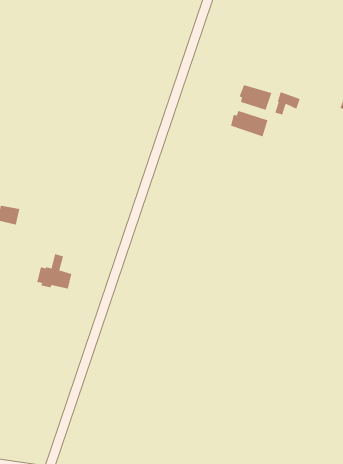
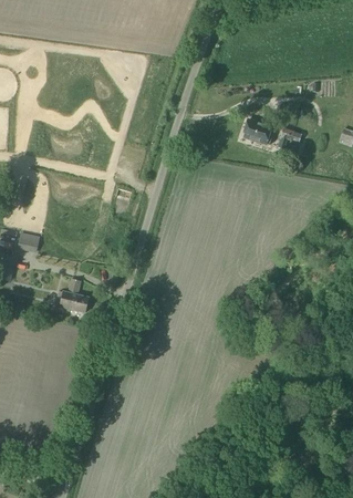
building: [231,110,268,137] -> none

